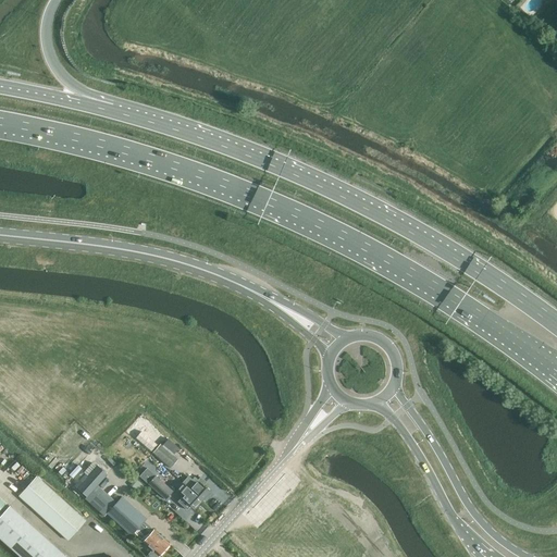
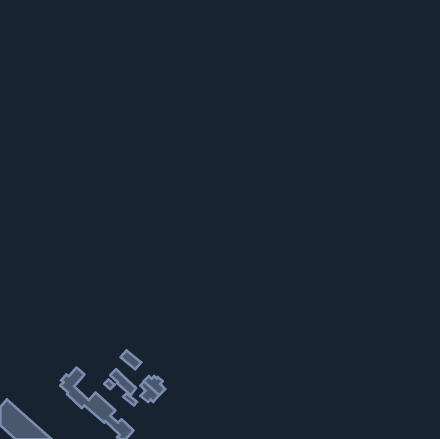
building: [18,475,85,540] -> none

